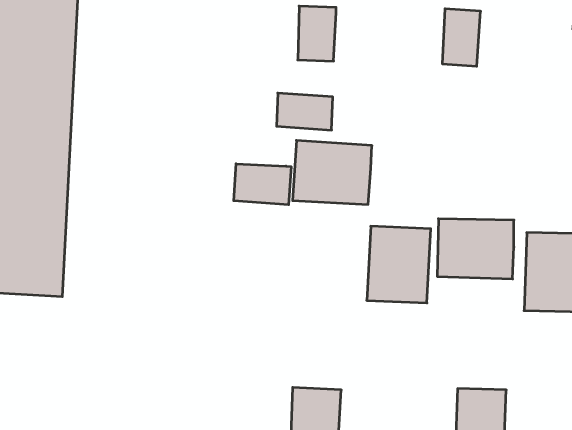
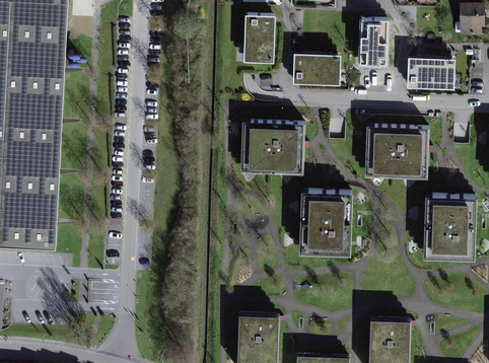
building: none -> [407,58,455,87]
building: [277,93,333,130] -> [293,55,338,84]
building: [234,164,291,205] -> none
building: [437,219,514,279] -> [366,127,427,174]

